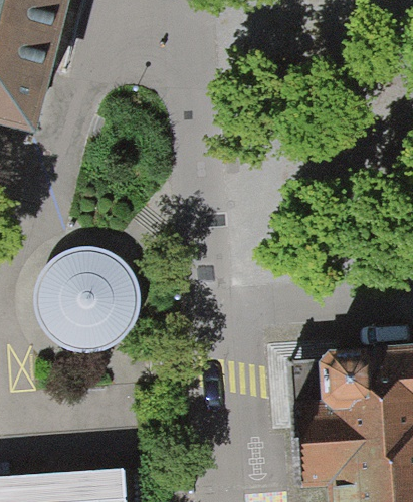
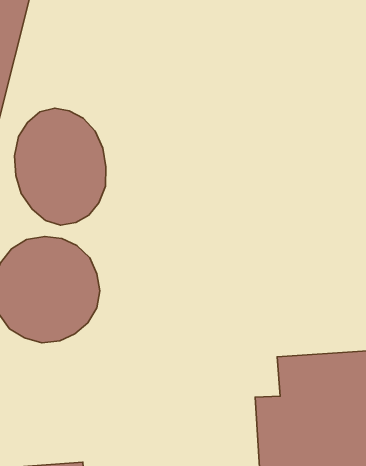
building: none -> [14,108,106,225]

